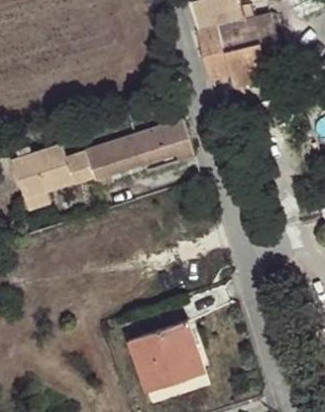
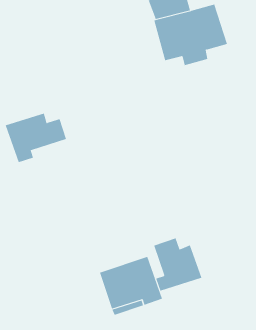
building: [81,119,194,178] -> none
building: none -> [154,237,202,291]

